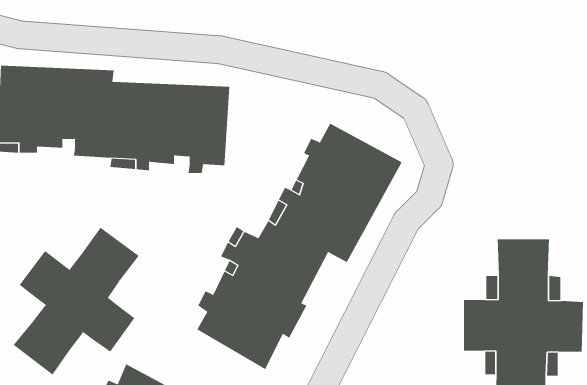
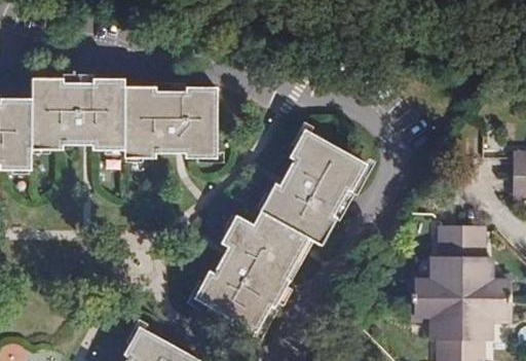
building: [13,227,140,375] -> none

